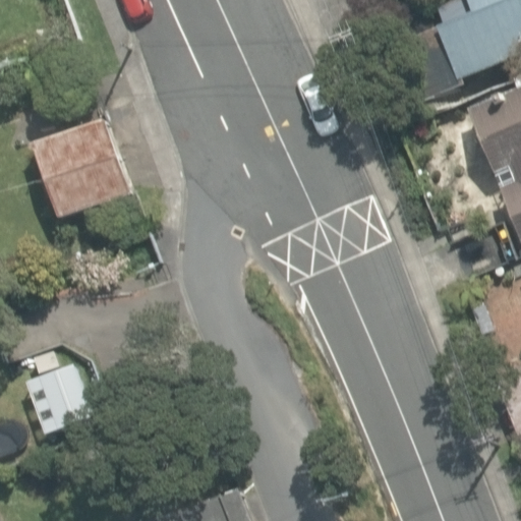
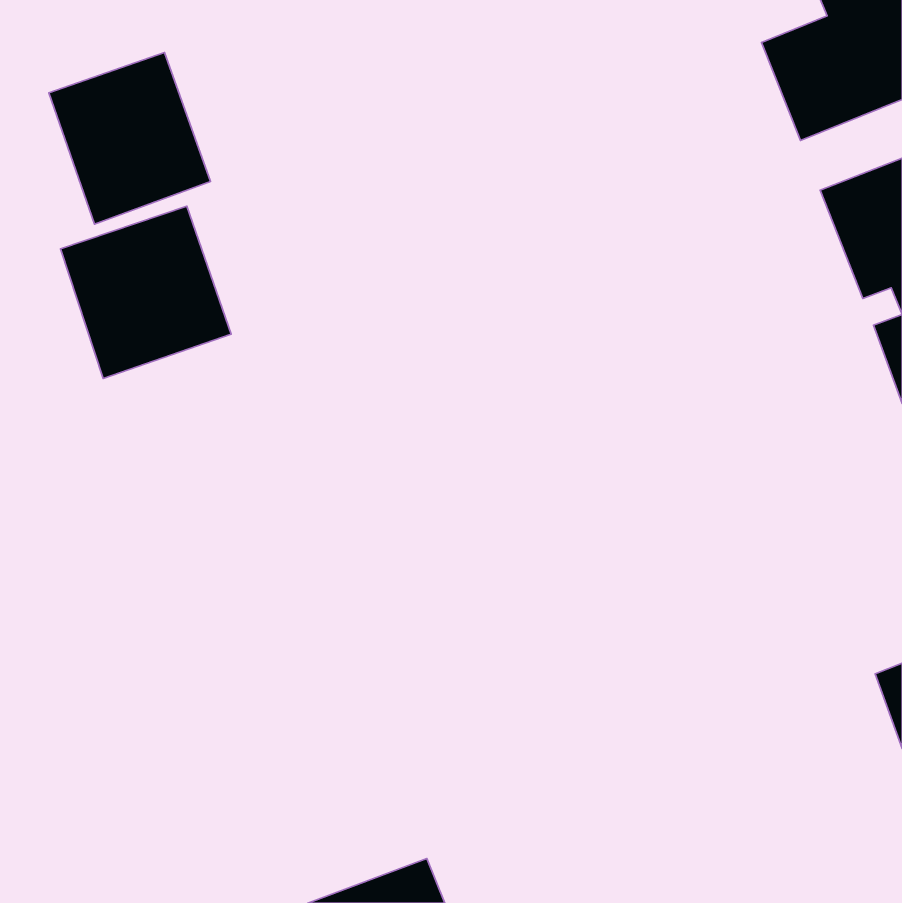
building: none -> [49,53,210,224]

